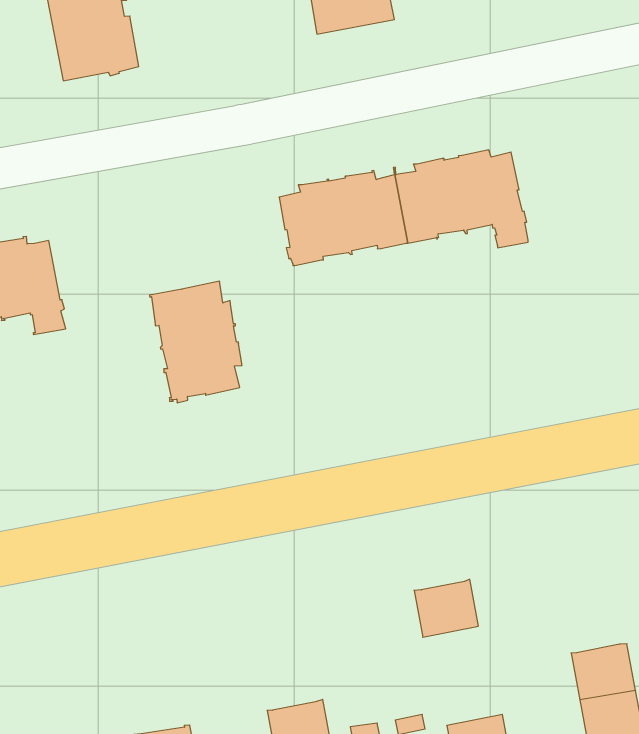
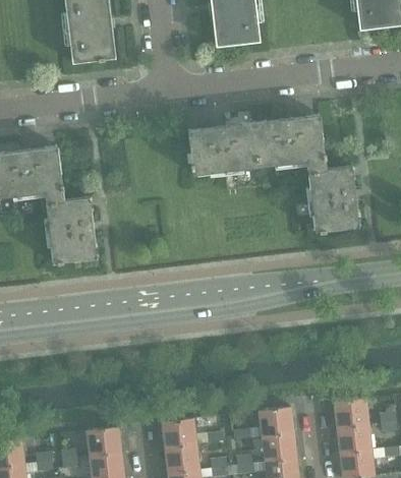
building: none -> [308,167,357,232]
building: [150,281,242,403] -> [46,197,95,263]
building: [414,579,478,637] -> [259,406,293,436]

